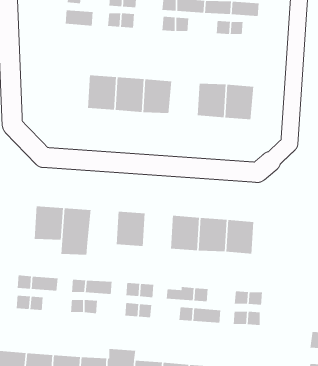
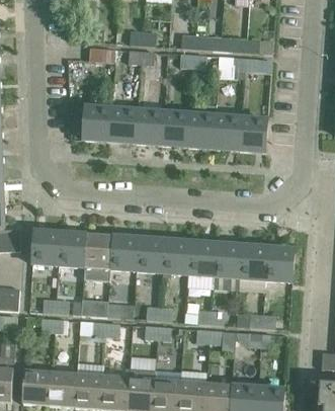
building: none -> [82,106,110,141]
building: none -> [186,114,215,148]
building: none -> [31,231,60,265]
building: none -> [109,237,138,270]
building: none -> [162,240,189,274]
building: none -> [265,248,294,281]

